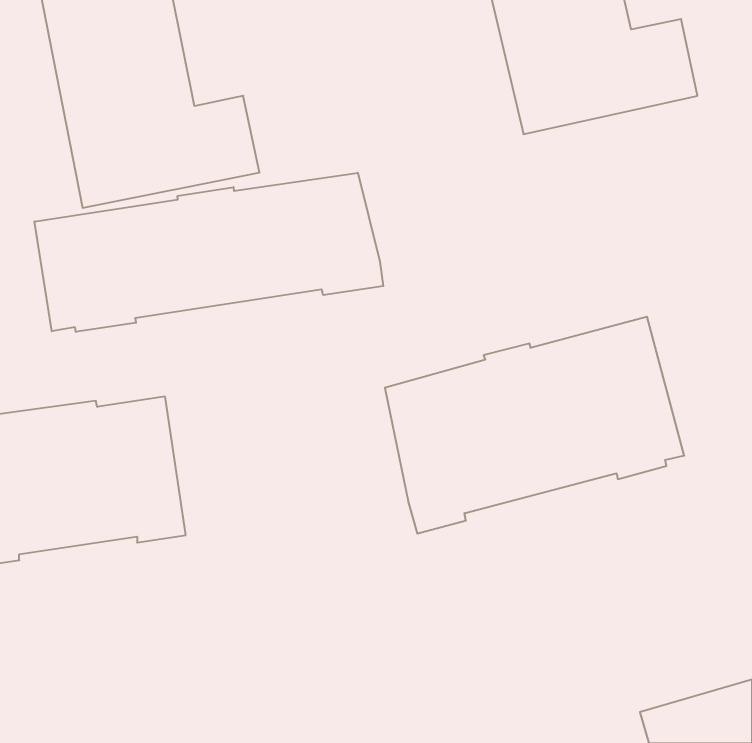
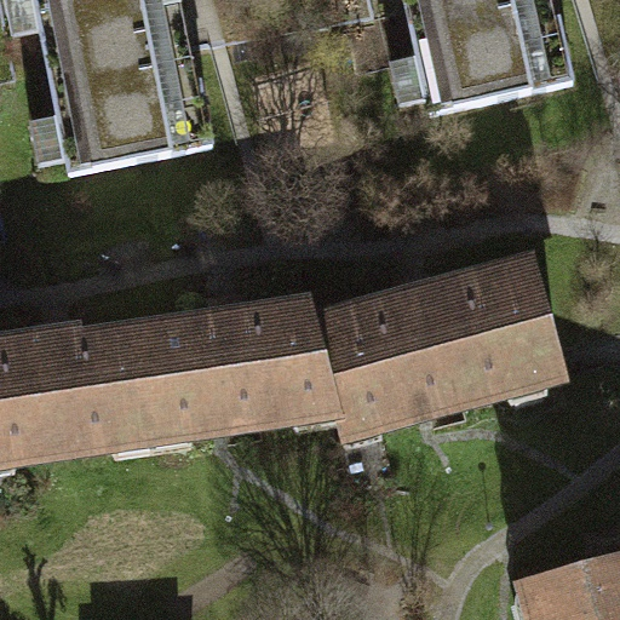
building: [34,173,383,332] -> none
building: none -> [136,299,335,440]

